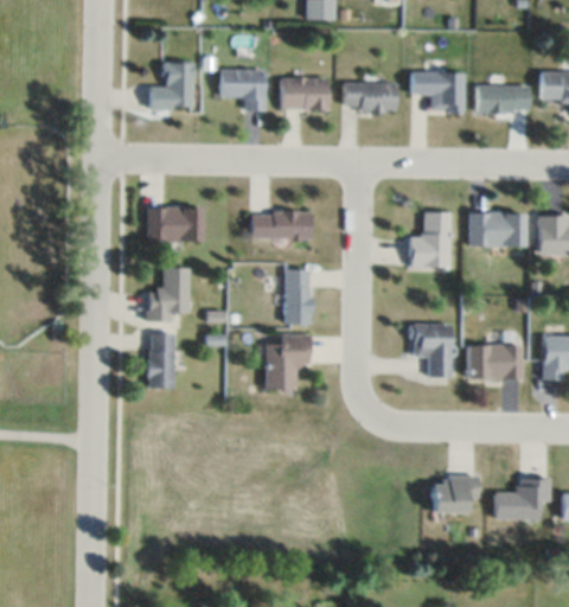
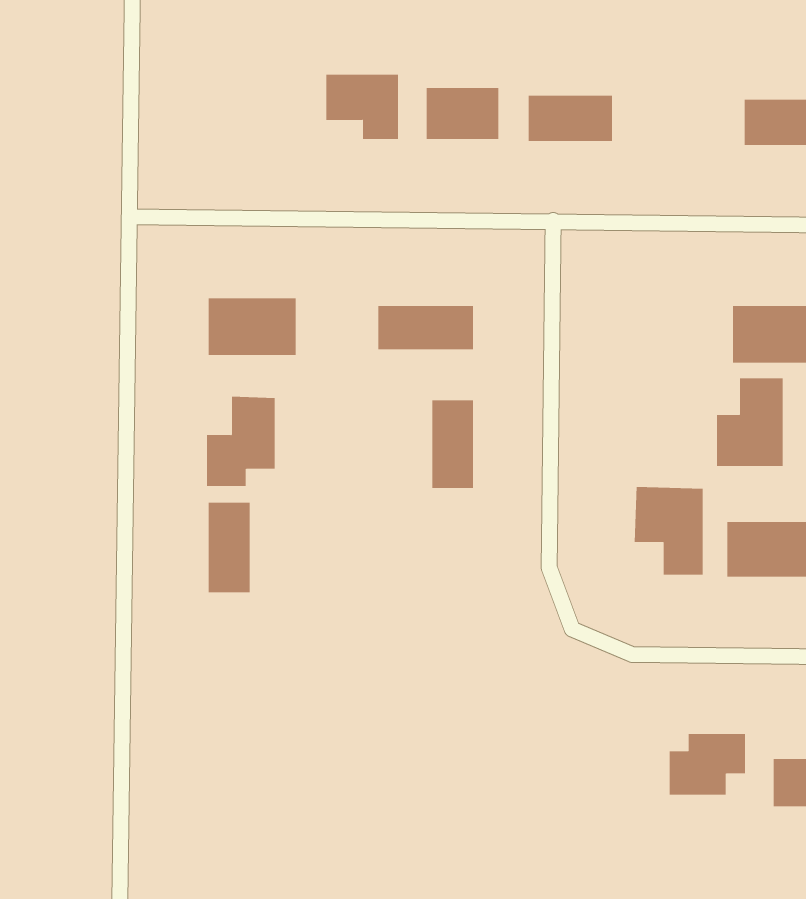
building: [149,62,192,108] -> none
building: [411,71,465,111] -> none
building: [410,212,452,267] -> [716,378,784,467]
building: [266,333,309,389] -> none

